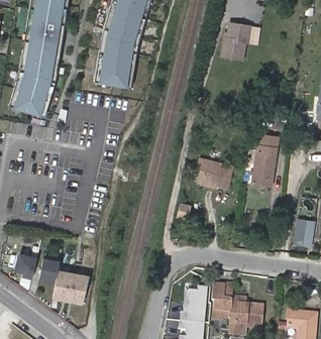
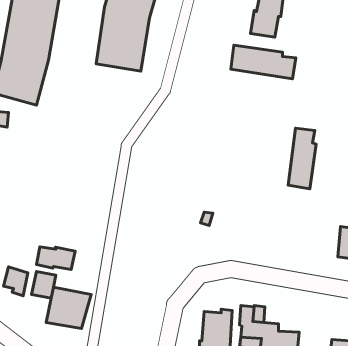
building: none -> [231,45,296,79]
building: [195,159,232,187] -> none
building: none -> [36,247,75,270]

